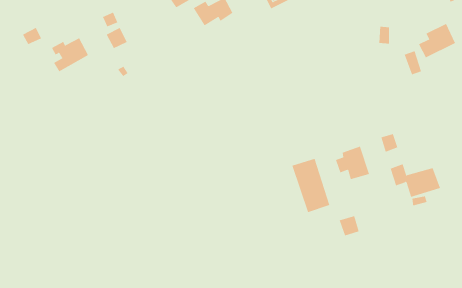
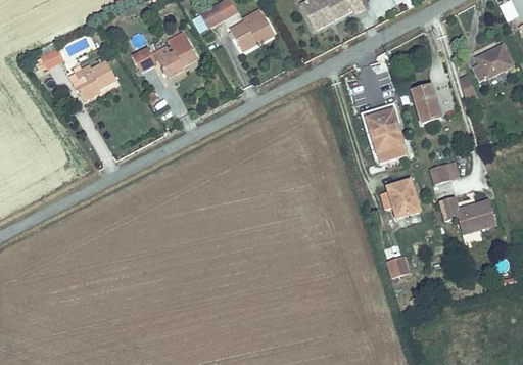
building: none -> [158,39,195,77]
building: none -> [413,85,443,123]
building: [291,158,330,213] -> [365,101,407,161]

